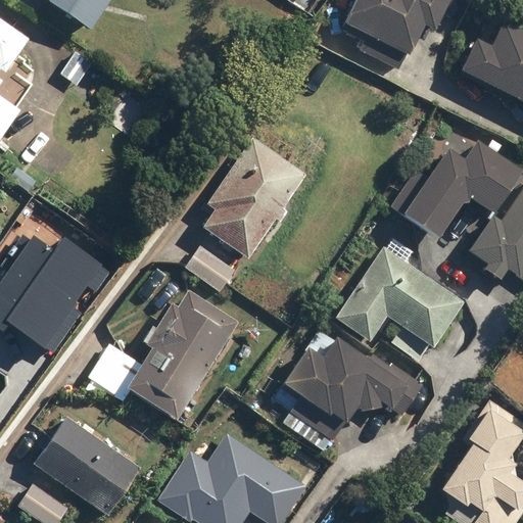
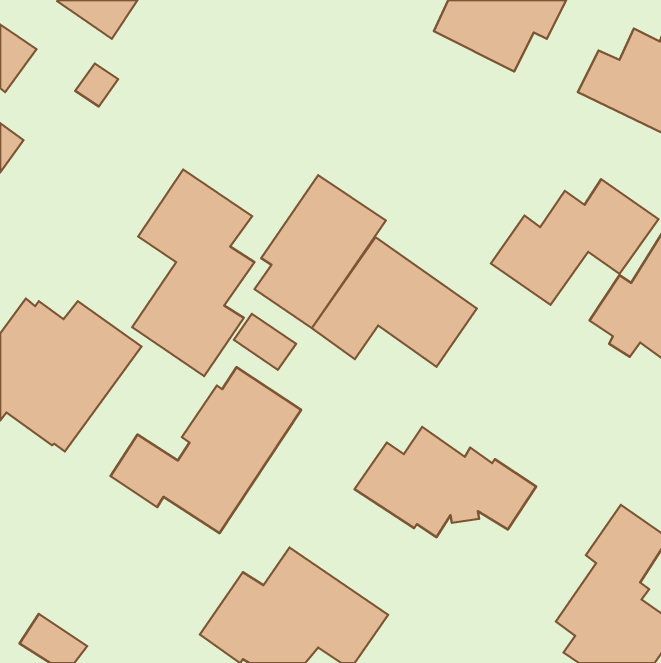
building: none -> [132,170,255,376]
building: [333,246,463,348] -> [312,237,477,367]
building: [35,417,142,515] -> none

